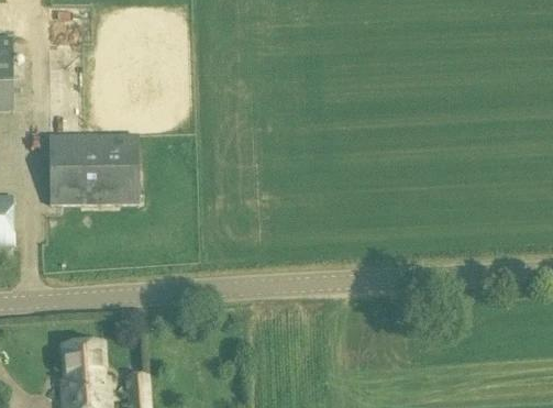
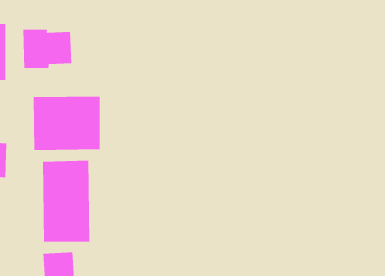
building: none -> [23,29,72,69]
building: none -> [43,160,90,242]

